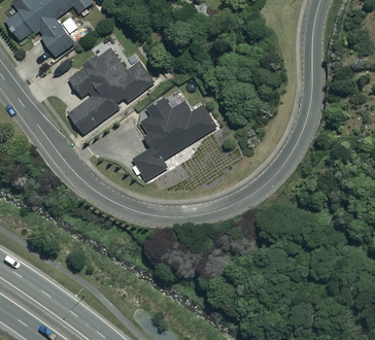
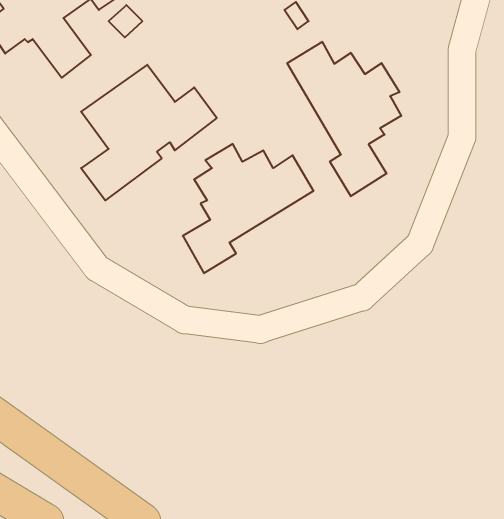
building: none -> [287,42,401,196]

